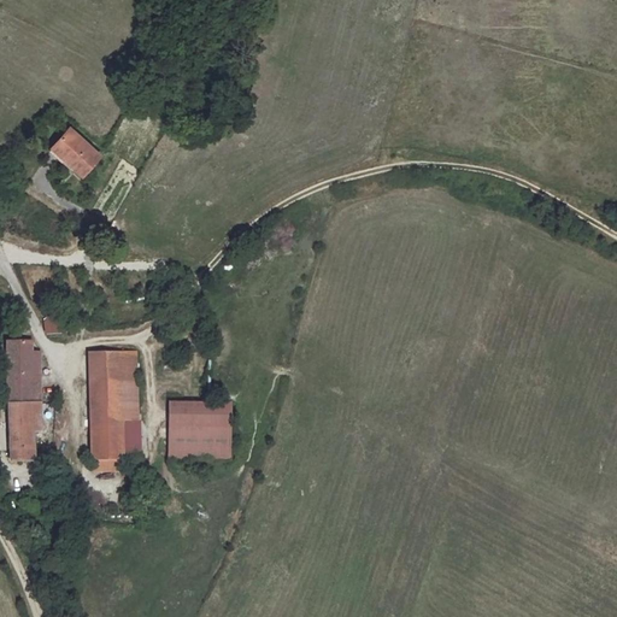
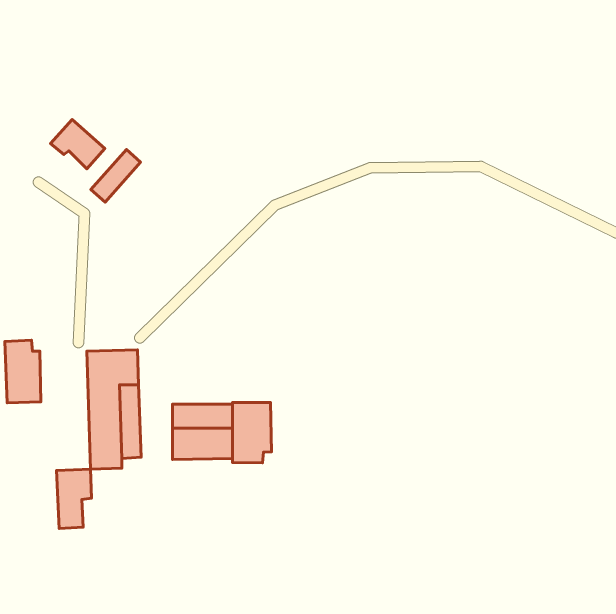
building: none -> [91,150,140,202]
building: [7,401,42,460] -> [57,469,92,528]
building: none -> [233,402,271,463]

